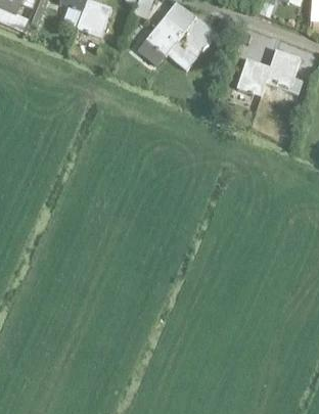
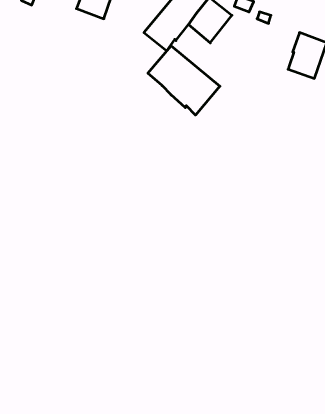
building: [237,57,271,95] -> none
building: none -> [148,46,220,115]

